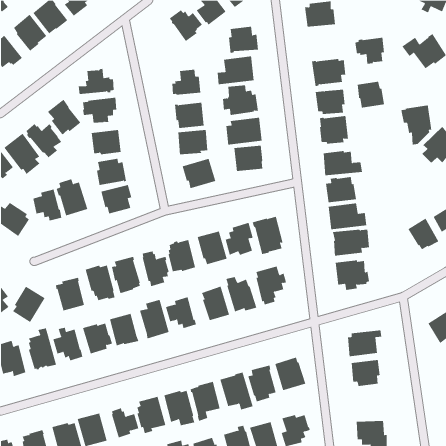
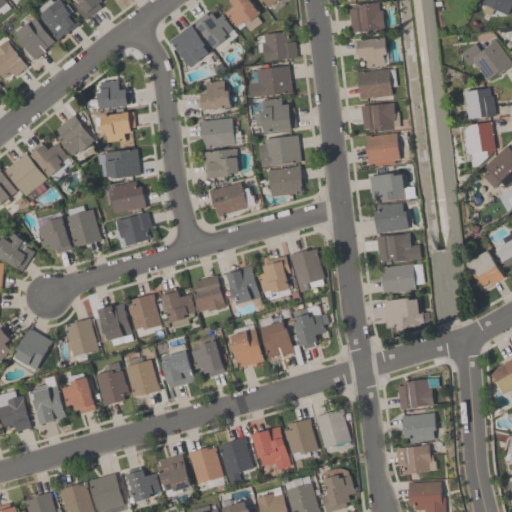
building: none -> [169,25,209,67]
building: [354,37,385,64] -> [353,37,388,68]
building: [357,81,385,108] -> [464,88,496,119]
building: none -> [395,445,431,475]

